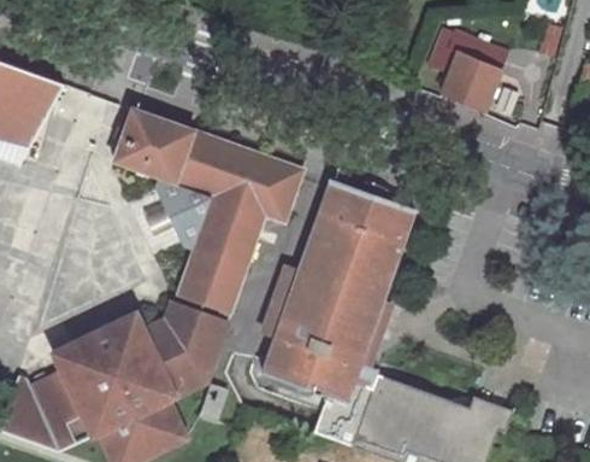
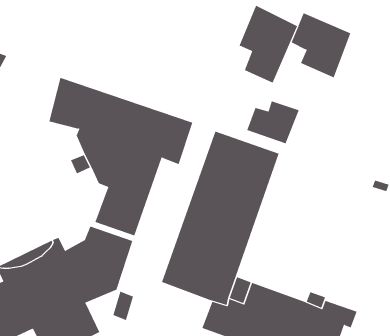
building: none -> [239,5,298,84]
building: none -> [247,100,300,144]

